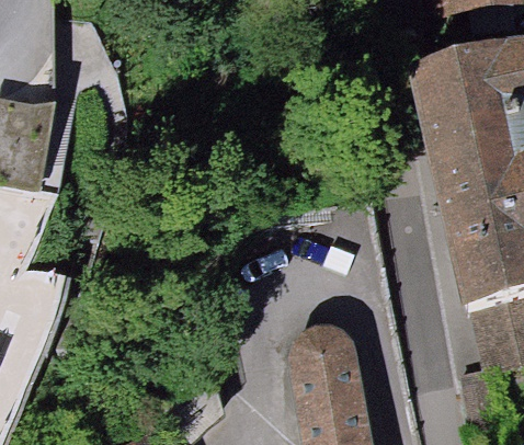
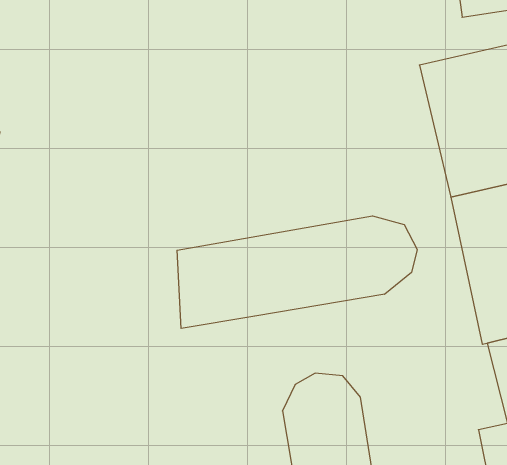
building: none -> [177,216,417,328]

